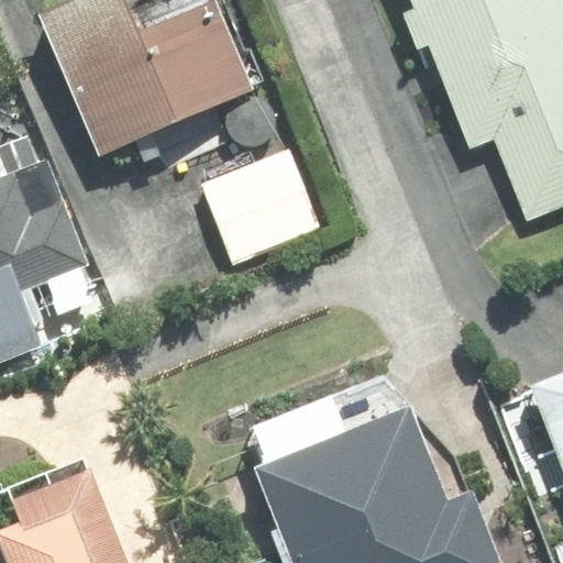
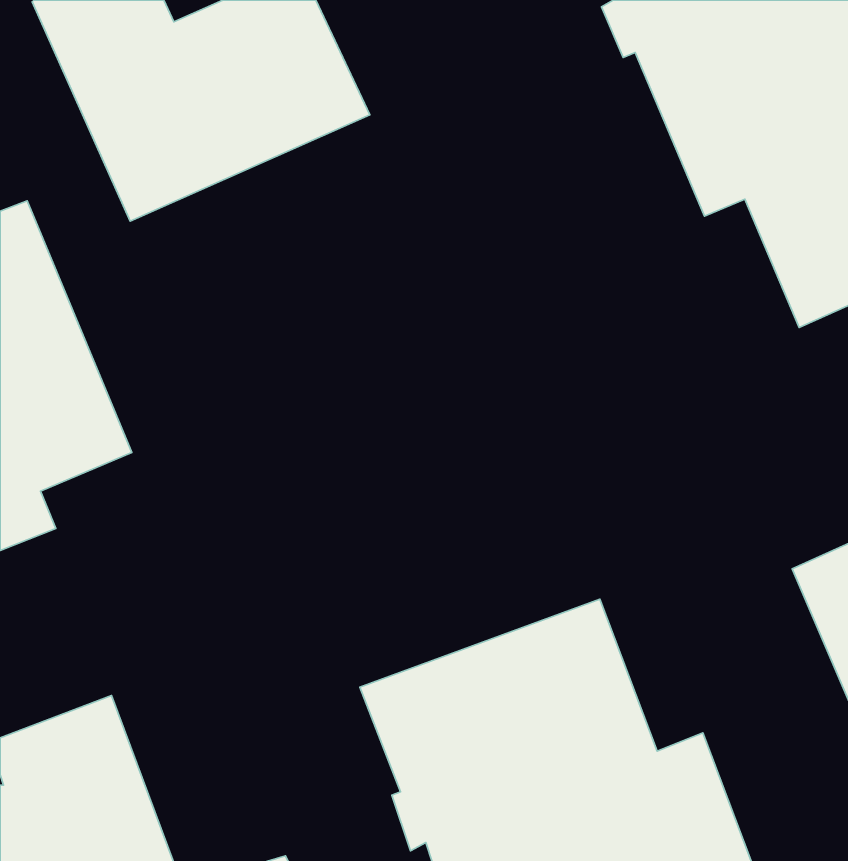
building: [206,150,319,263] -> none

